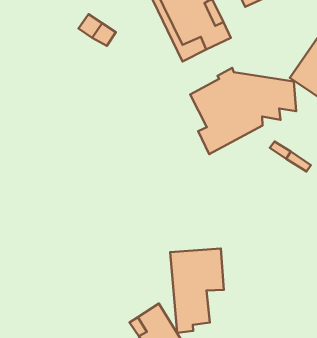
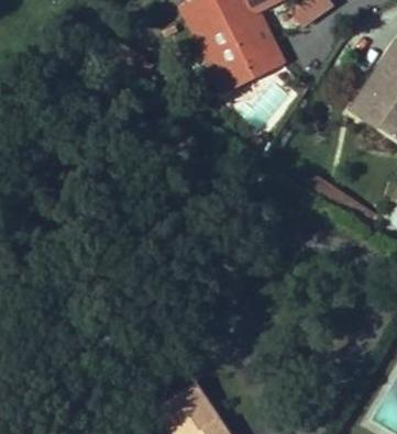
building: [190,68,296,154] -> none
building: [170,249,224,333] -> none

